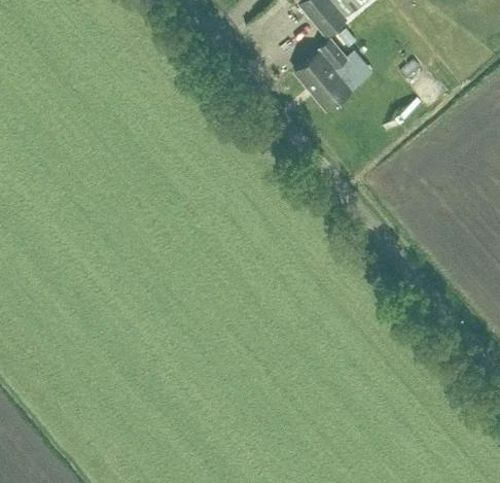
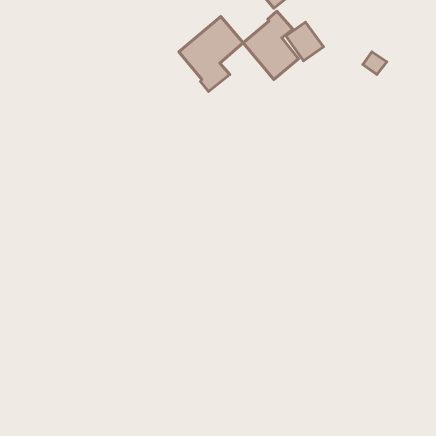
building: none -> [179,16,243,92]

